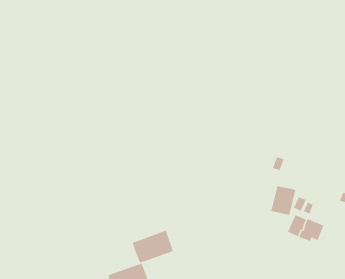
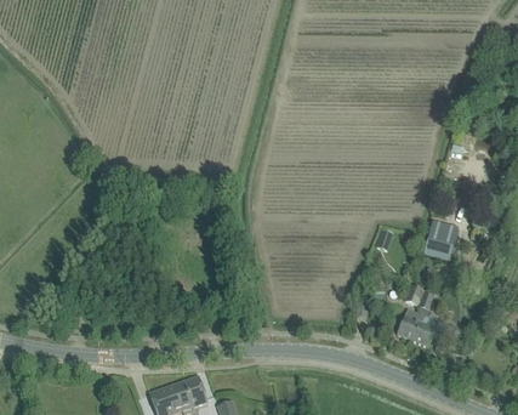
building: [271,185,296,216] -> [422,218,457,260]
building: [132,230,174,264] -> none

